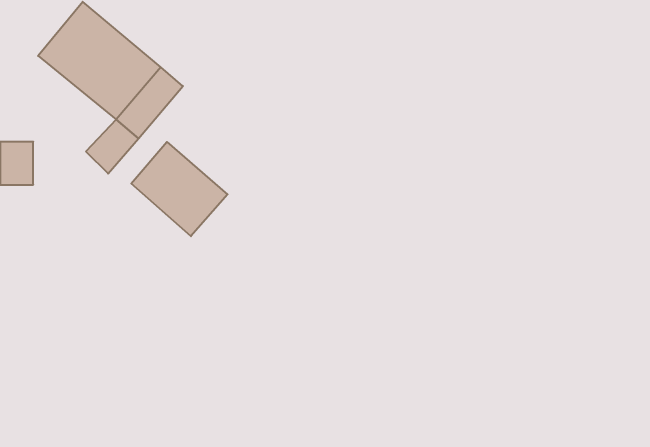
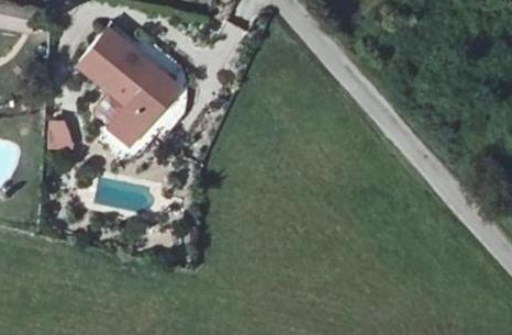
building: [131,142,228,236] -> none

